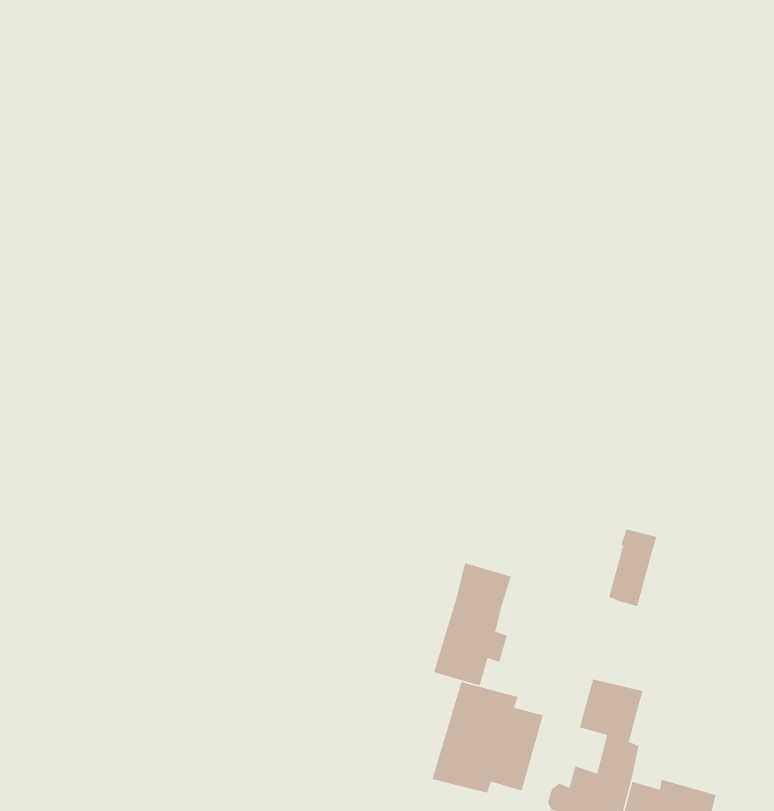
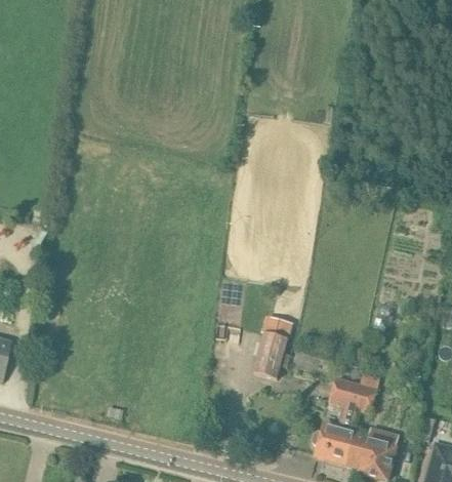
building: [608,529,657,607] -> [355,373,380,414]
building: [431,681,544,794] -> none

